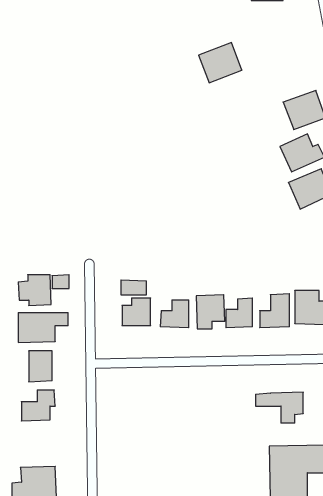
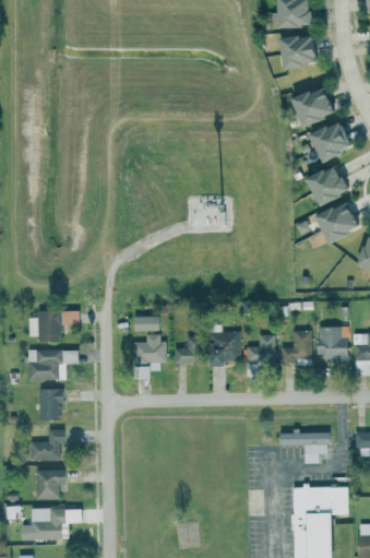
building: none -> [276,34,313,69]
building: [199,43,242,83] -> [288,85,333,127]
building: none -> [41,470,70,499]

